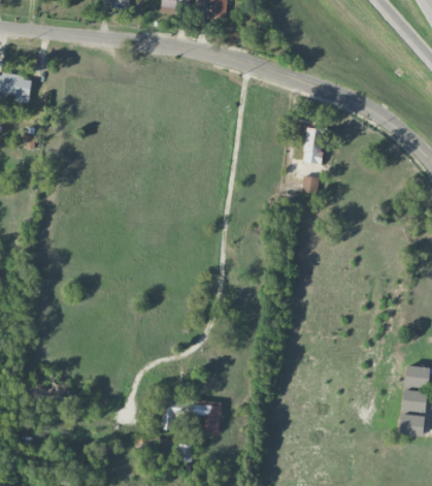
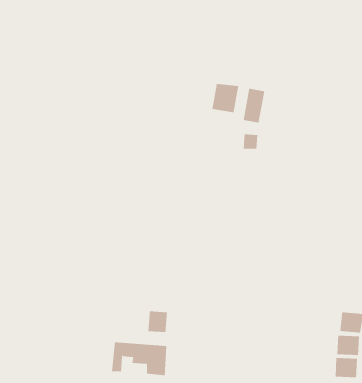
building: none -> [212,83,239,113]
building: none -> [148,311,167,333]

